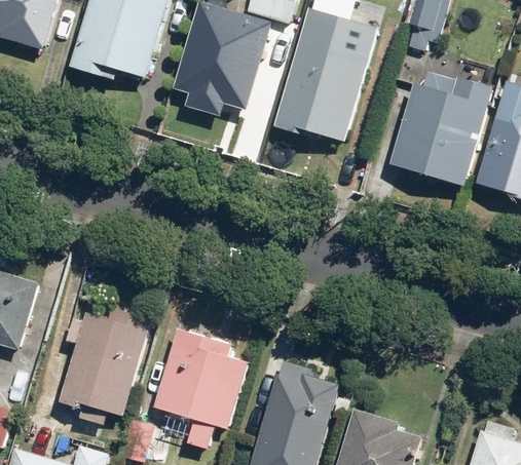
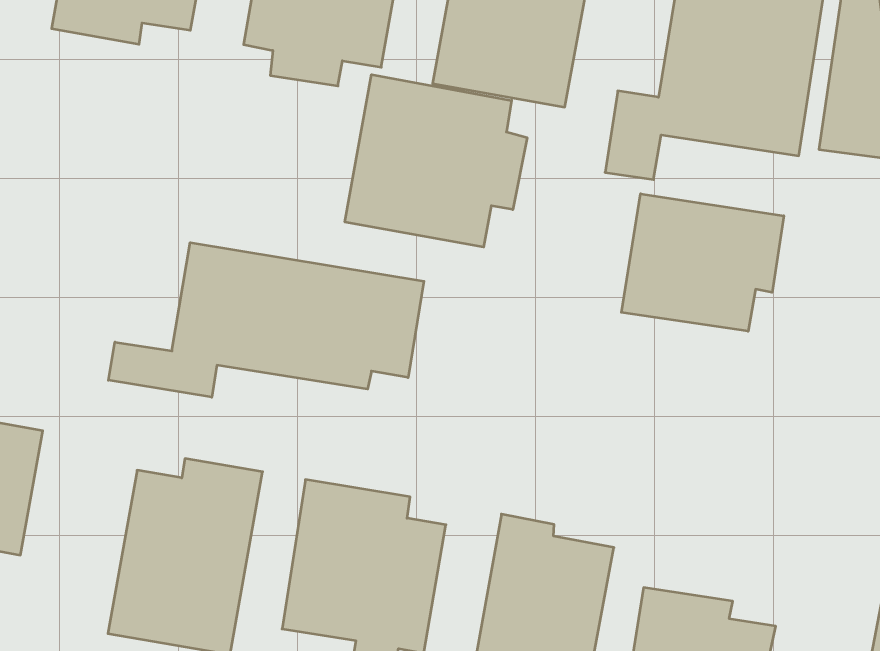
building: none -> [345,75,527,247]
building: none -> [108,243,424,397]
building: none -> [621,194,784,331]

